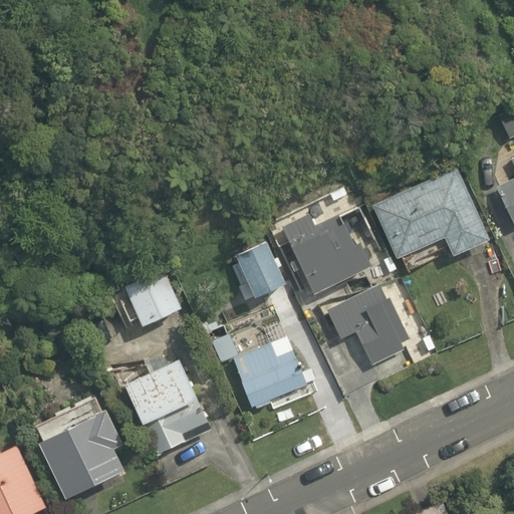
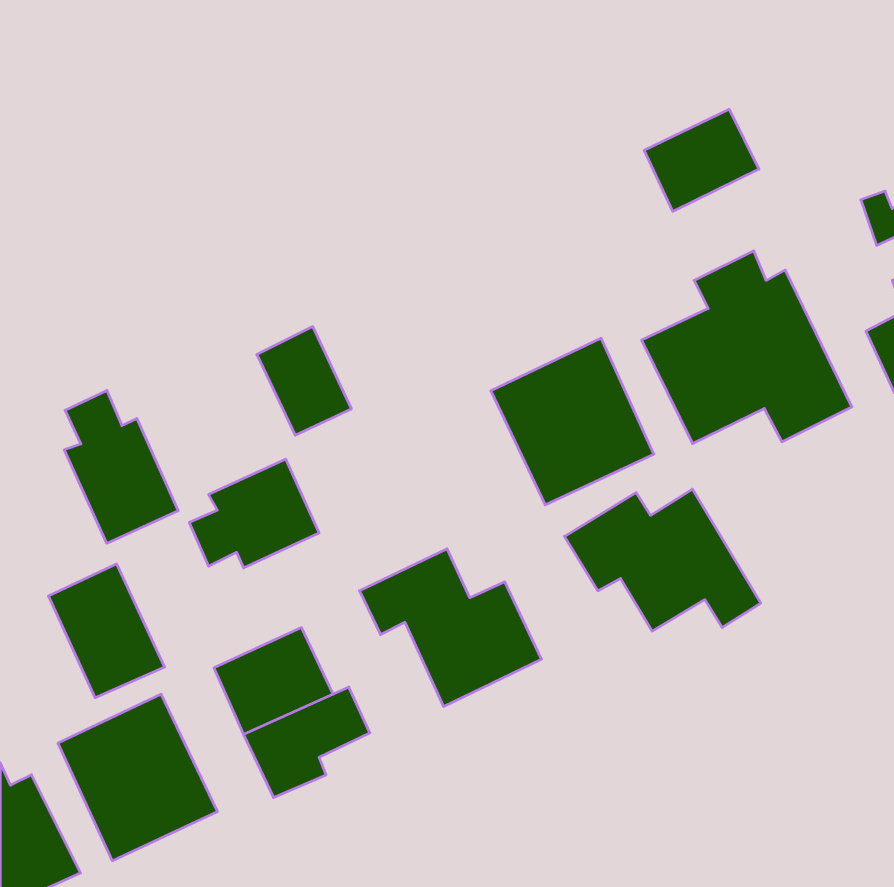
building: none -> [644,109,759,211]
building: none -> [64,390,178,543]
building: [228,240,282,302] -> [257,327,351,435]
building: none -> [48,564,165,698]

